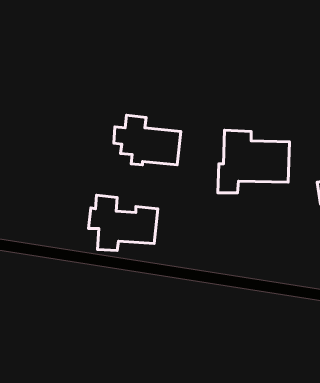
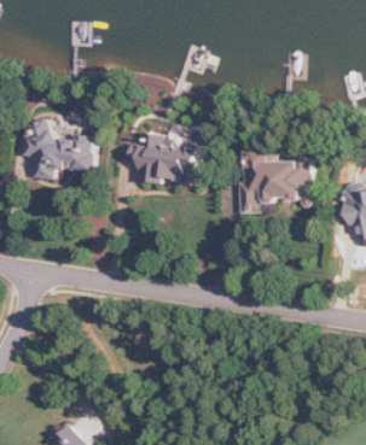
building: [88,195,158,251] -> [22,121,94,178]

